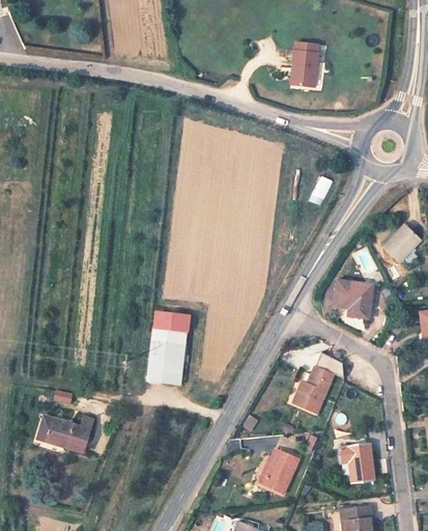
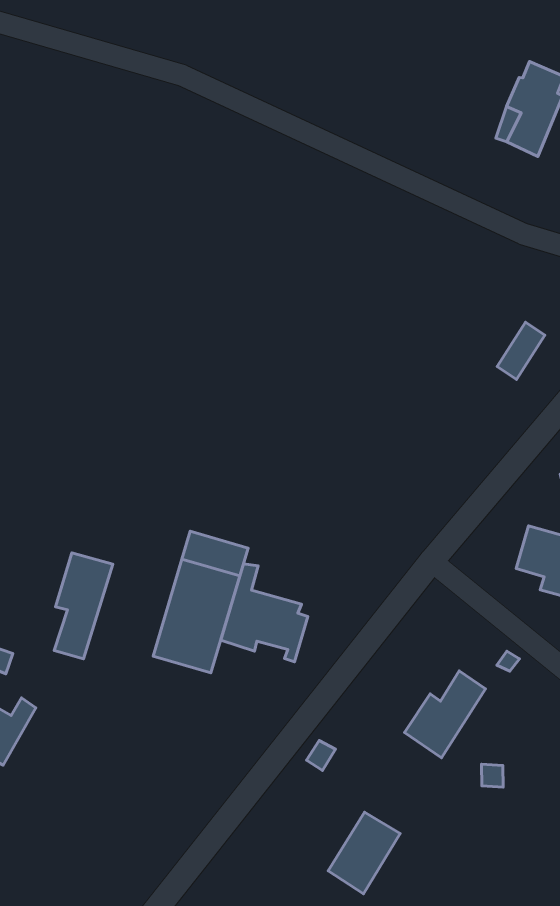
building: none -> [221,564,308,662]
building: none -> [54,553,113,659]
building: [342,447,373,480] -> none

